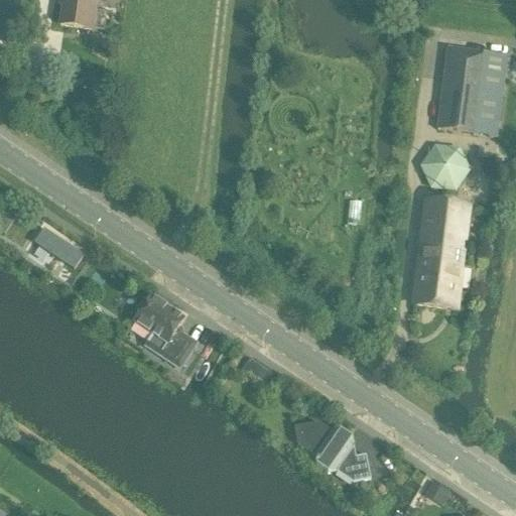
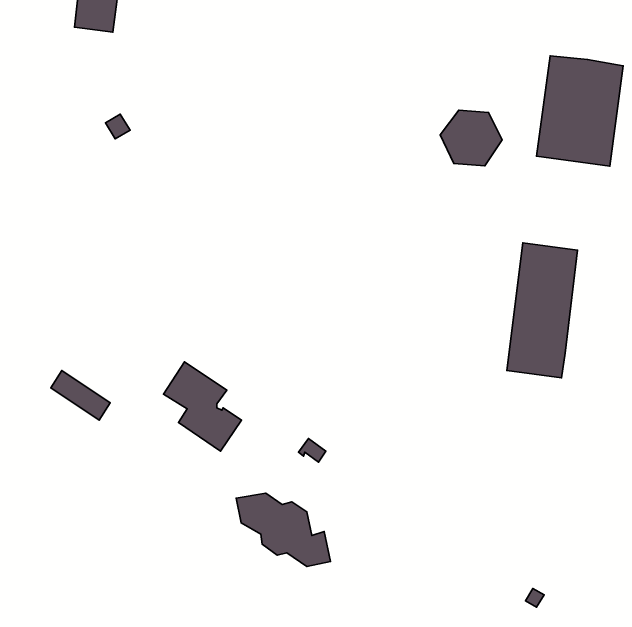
building: [420,144,471,189] -> [440,110,502,166]
building: [35,226,84,266] -> [51,370,110,420]
building: [295,421,372,481] -> [236,493,330,566]

